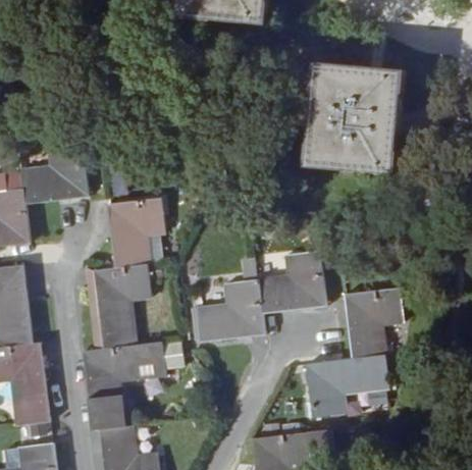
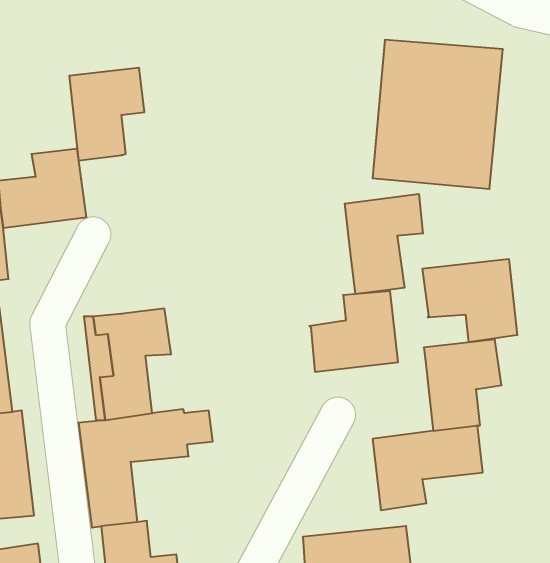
building: none -> [345,194,423,294]
building: [108,199,165,269] -> [69,68,144,160]
building: none -> [423,259,517,342]
building: [197,279,265,342] -> none

